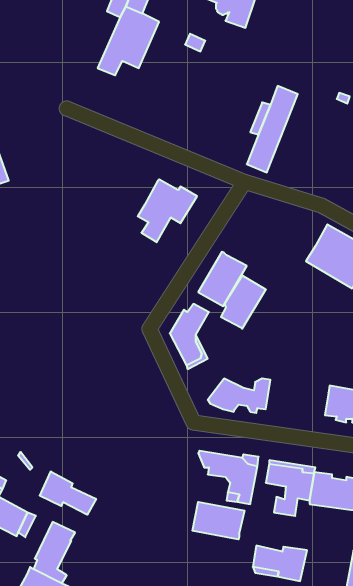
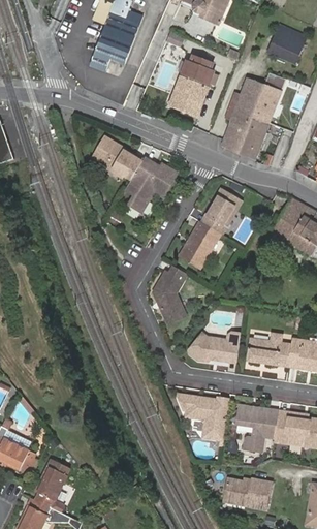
building: none -> [267,25,306,63]
building: none -> [168,55,213,115]
building: none -> [237,72,285,160]
building: none -> [93,137,142,181]
building: [221,275,266,329] -> [202,189,242,236]
building: none -> [247,334,291,366]
building: [40,471,96,515] -> none
building: [192,502,244,539] -> none

